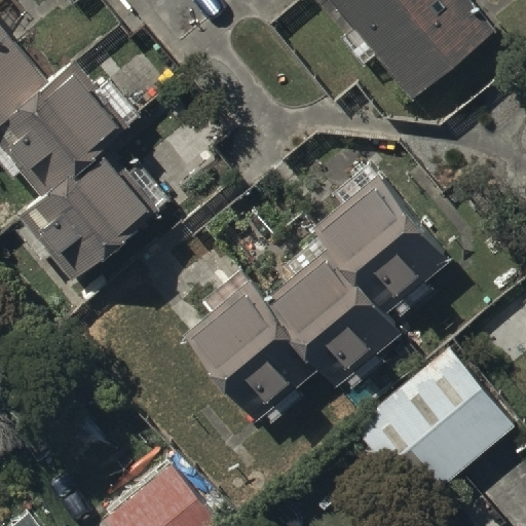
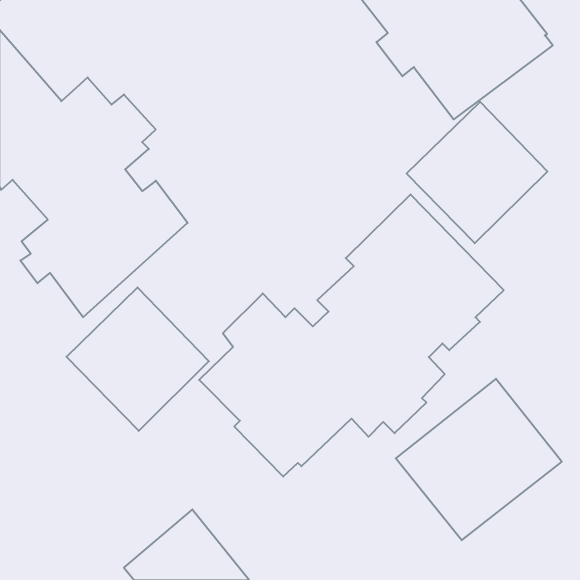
building: none -> [407,102,547,243]
building: none -> [66,287,209,431]

